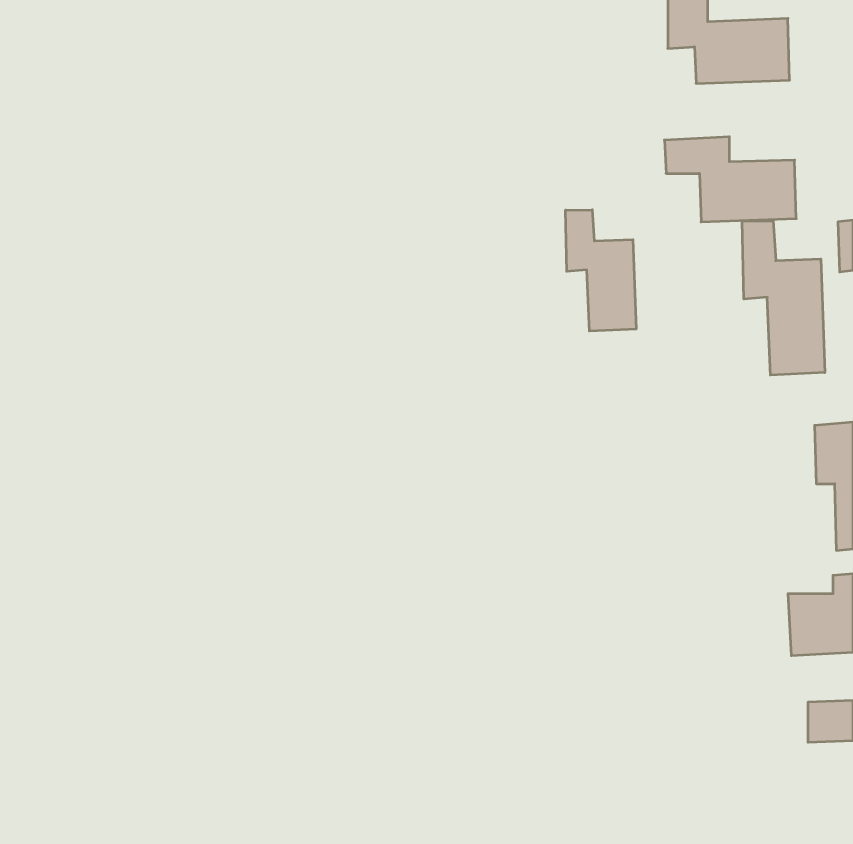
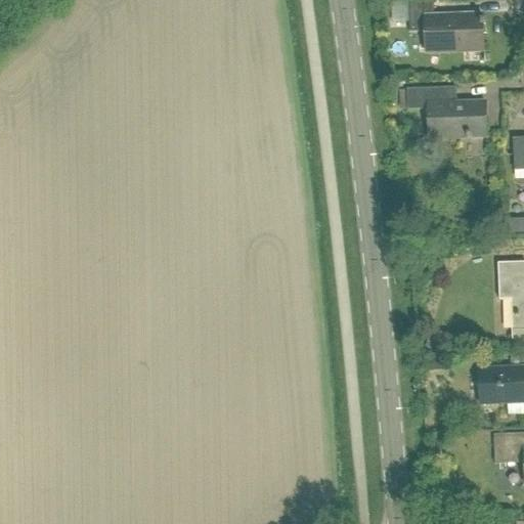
building: [566,210,636,331] -> none
building: [742,221,825,375] -> none

